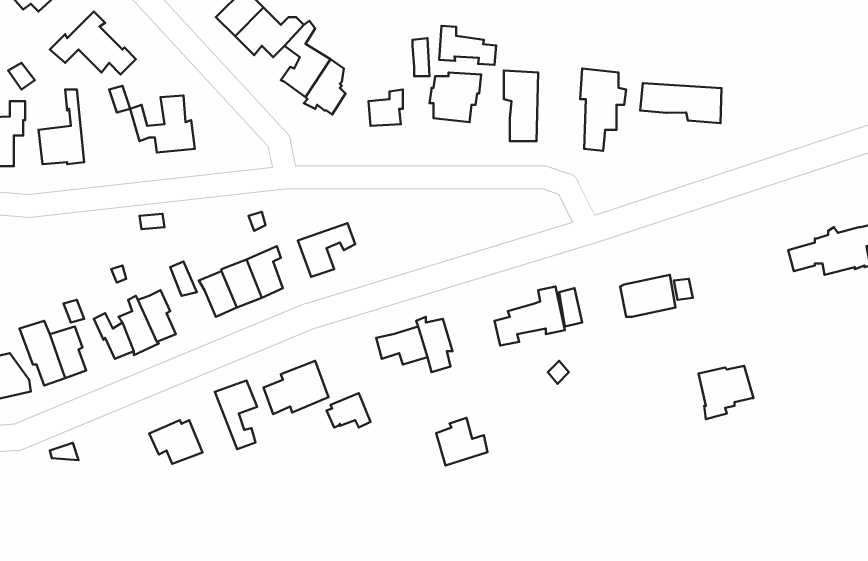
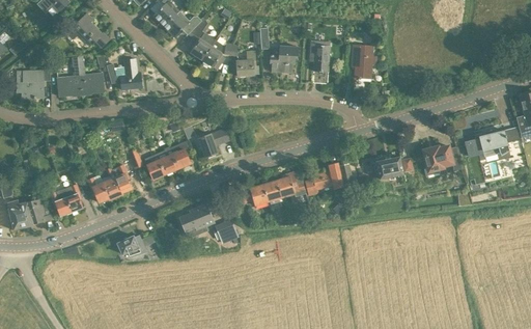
building: [439,26,496,65] -> none
building: [640,83,722,123] -> none
building: none -> [77,54,104,94]
building: [698,366,754,419] -> [422,145,452,174]
building: [215,380,257,449] -> none
building: [436,418,488,466] -> [276,171,304,197]

